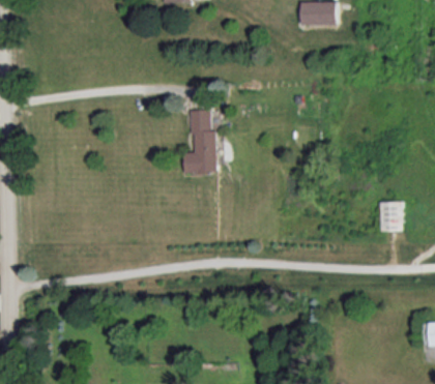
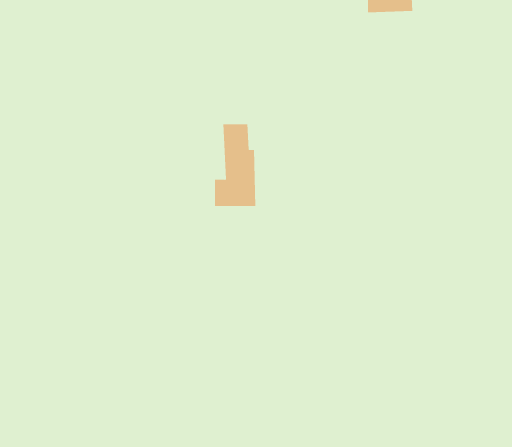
building: [379,202,401,231] -> none

